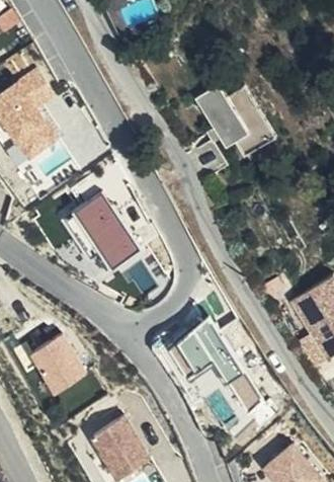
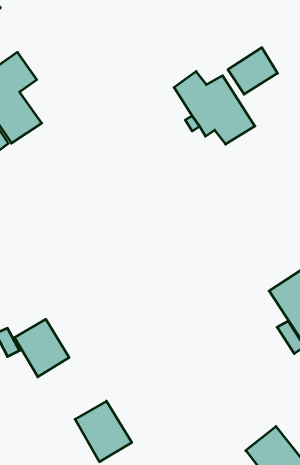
building: none -> [228,48,278,94]
building: [63,192,140,267] -> none
building: [167,317,262,411] -> none

